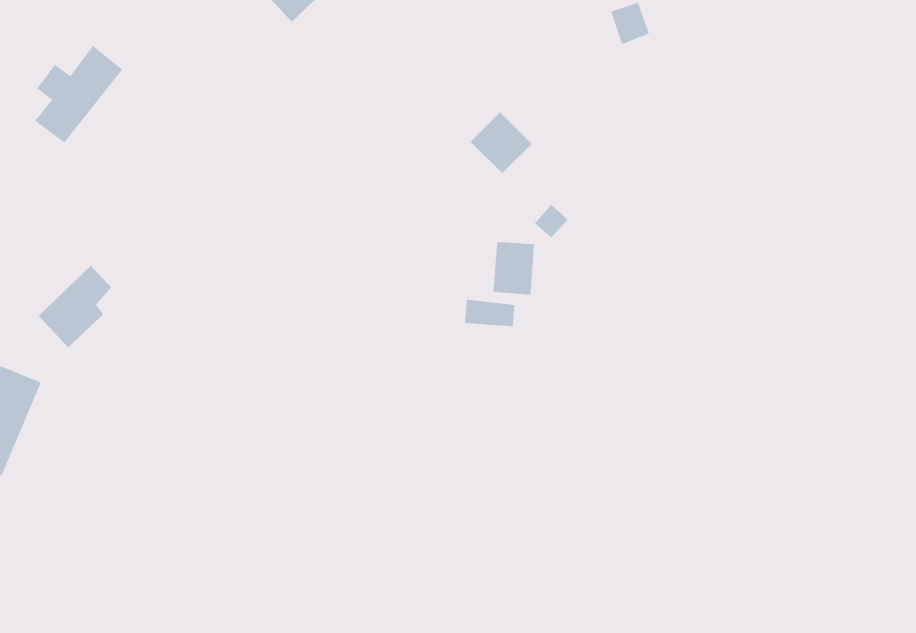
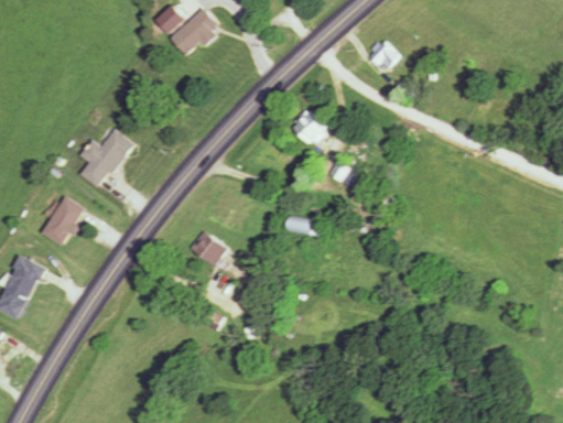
building: [34,45,123,143] -> [80,129,132,186]
building: [493,241,535,295] -> none
building: none -> [190,230,226,265]

